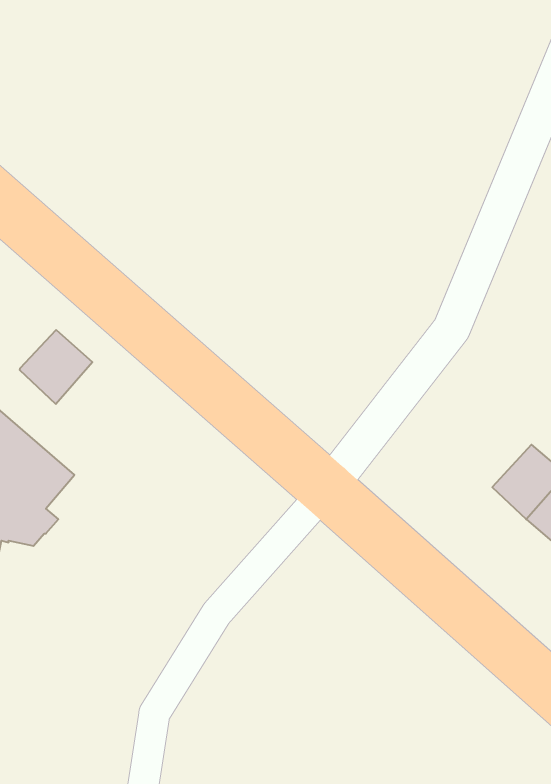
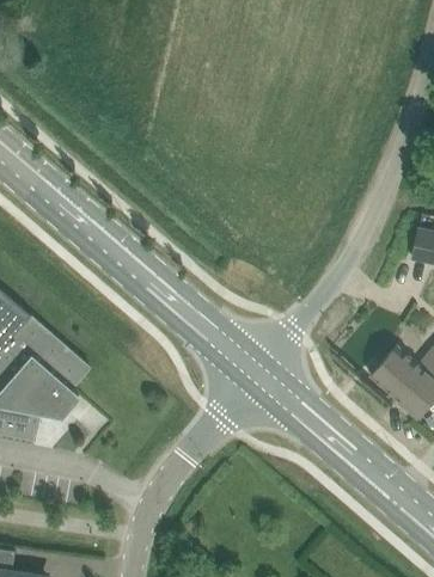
building: [20,330,92,404] -> none

